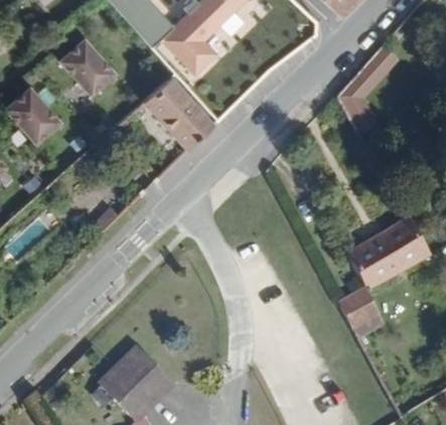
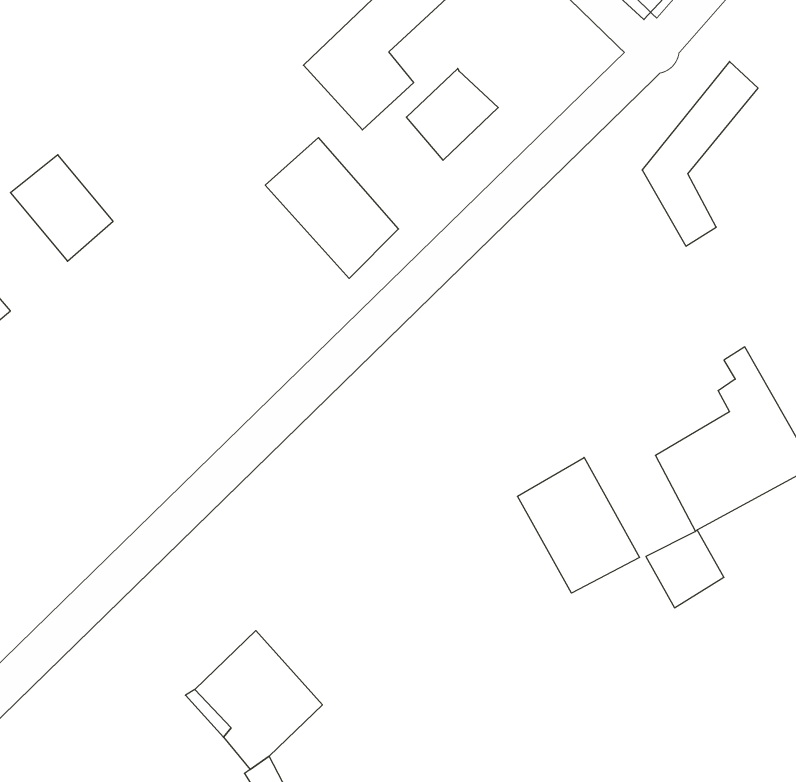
building: [60,40,114,97] -> none
building: none -> [406,68,498,160]
building: none -> [517,457,640,593]

